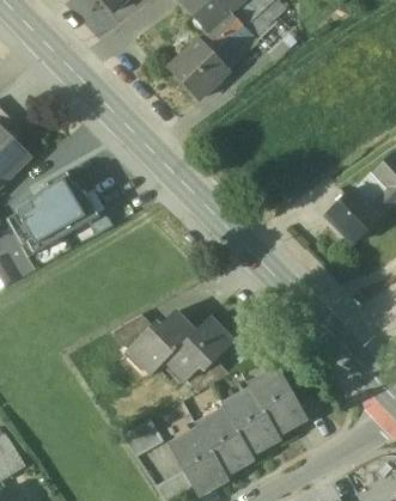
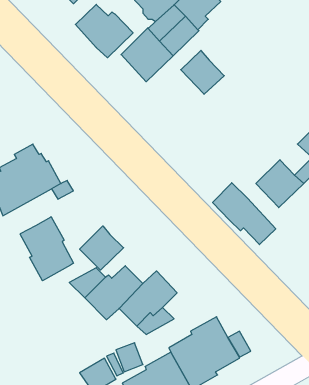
building: none -> [75,4,133,58]
building: none -> [181,50,224,94]
building: none -> [213,183,276,245]
building: none -> [20,217,73,281]
building: none -> [80,226,124,270]

